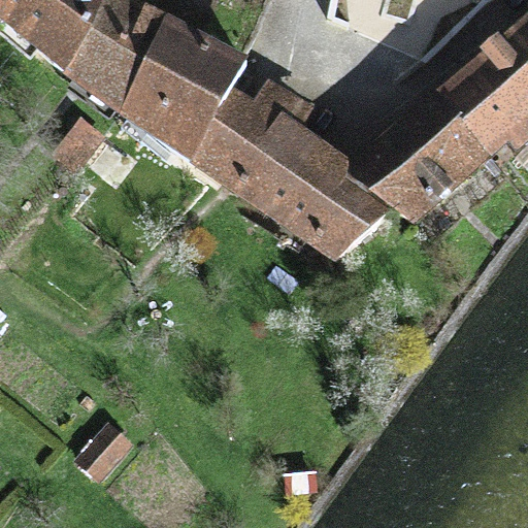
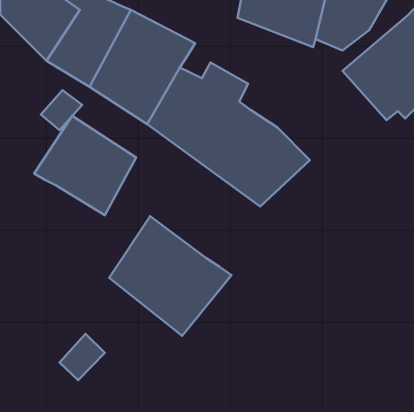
building: [354,90,492,226] -> none
building: none -> [34,116,136,215]
building: none -> [109,216,231,336]

